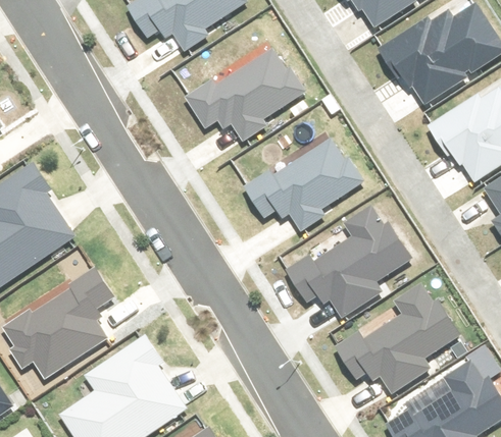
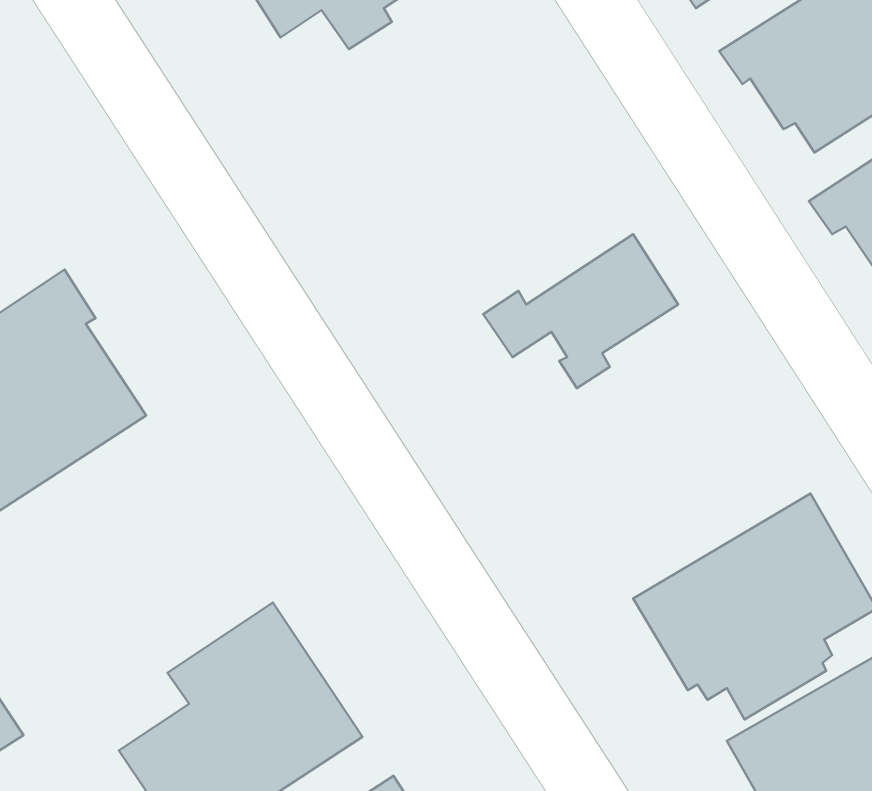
building: [196,54,300,135] -> none
building: [291,208,413,325] -> none
building: [5,272,107,380] -> none

